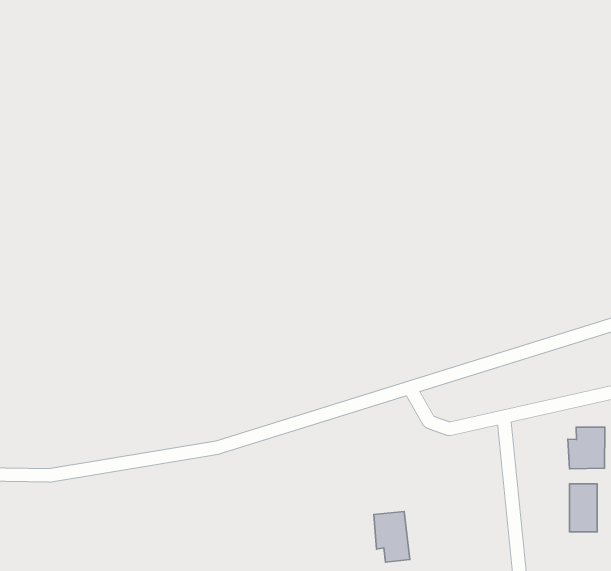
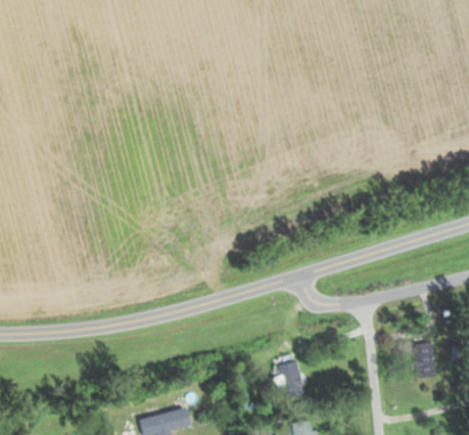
building: [568,427,605,469] -> none

